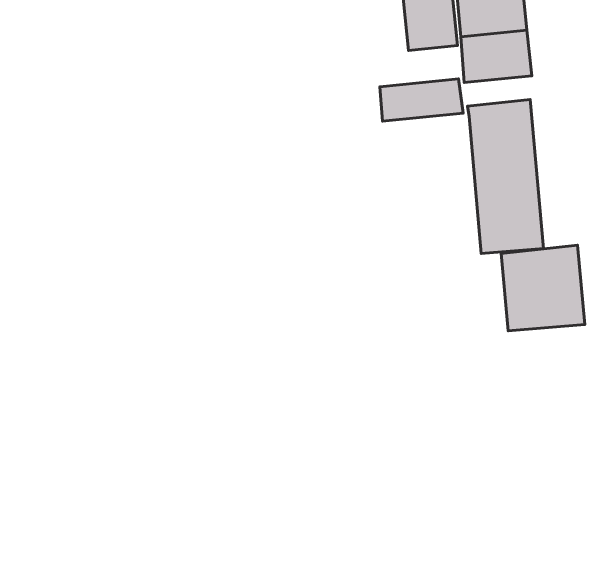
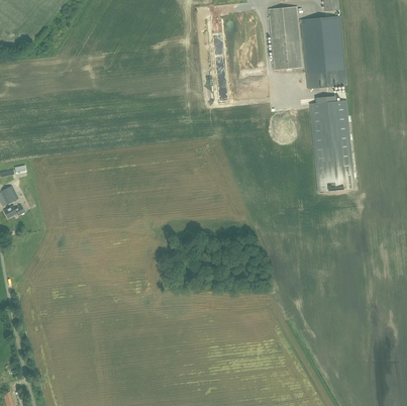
building: [380,79,463,121] -> none
building: [501,245,585,331] -> none

